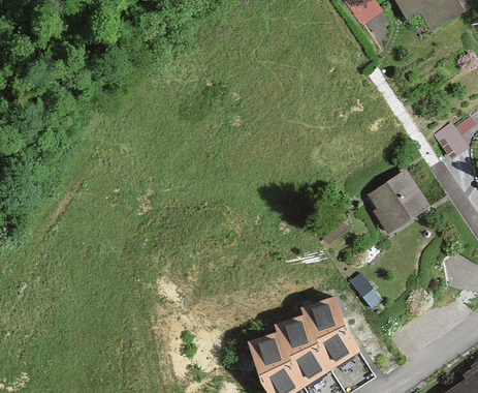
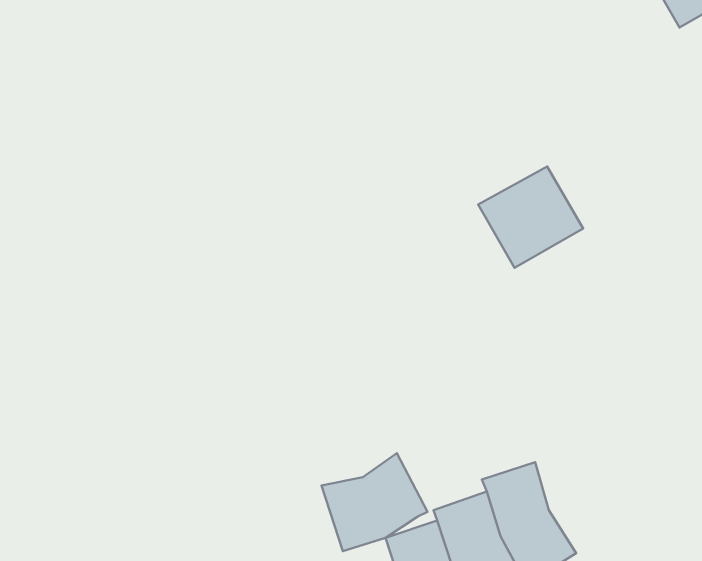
building: [368,172,431,233] -> [478,167,583,268]
building: none -> [322,453,427,551]

